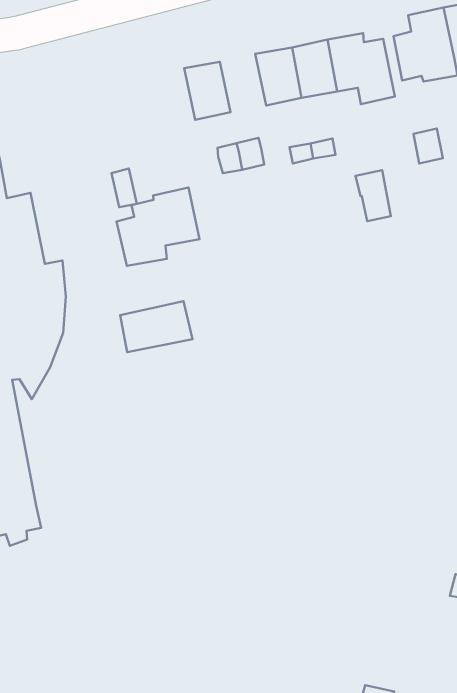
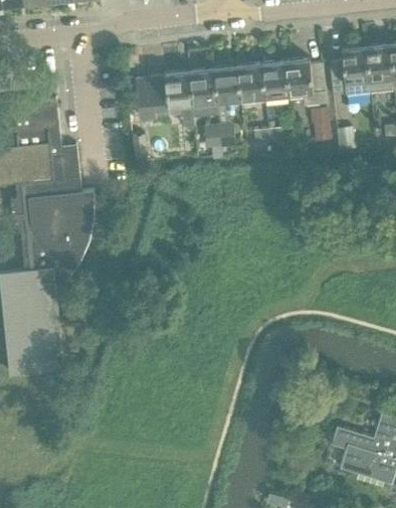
building: none -> [212,66,240,104]
building: [355,170,391,221] -> [310,109,331,142]
building: [116,188,199,266] -> [138,71,192,120]
building: [120,301,193,352] -> none

